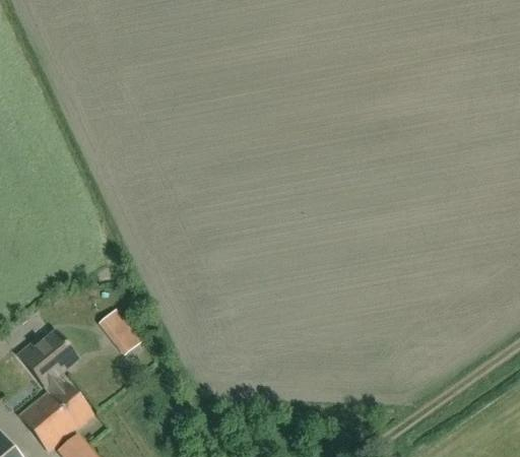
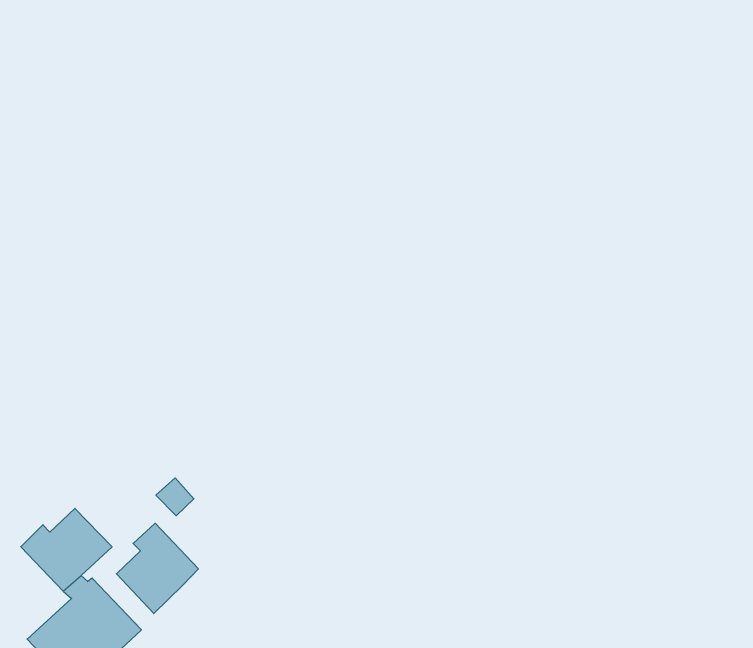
building: none -> [116,523,198,614]

